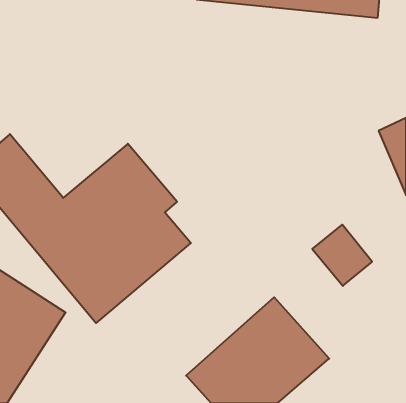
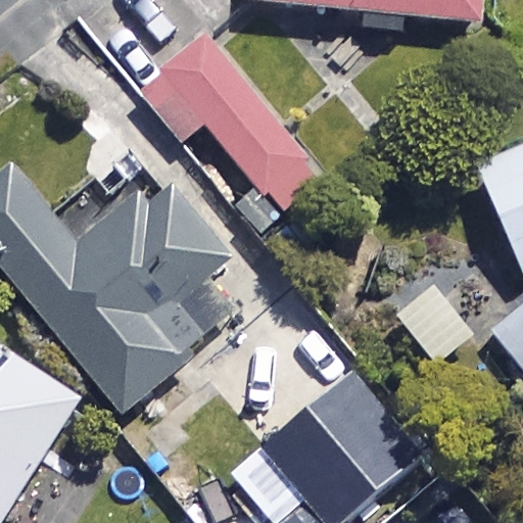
building: none -> [139,35,317,206]

